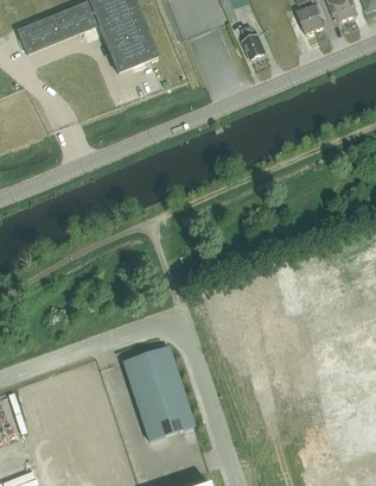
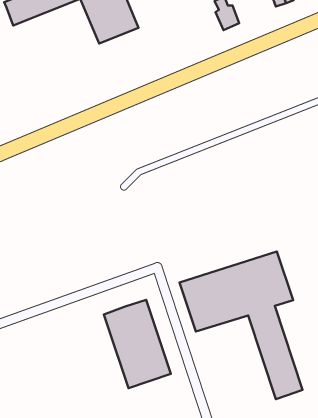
building: none -> [179,251,303,399]

